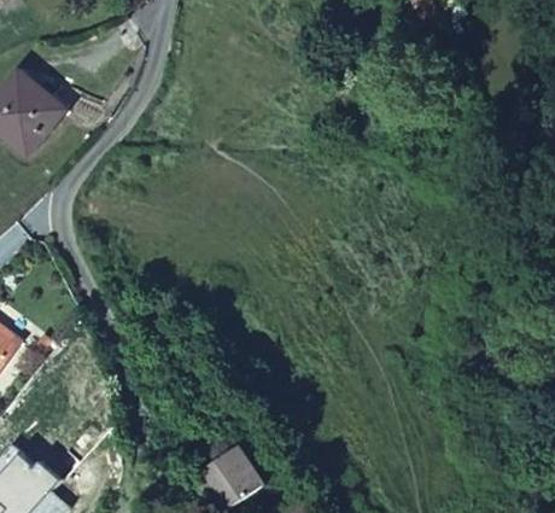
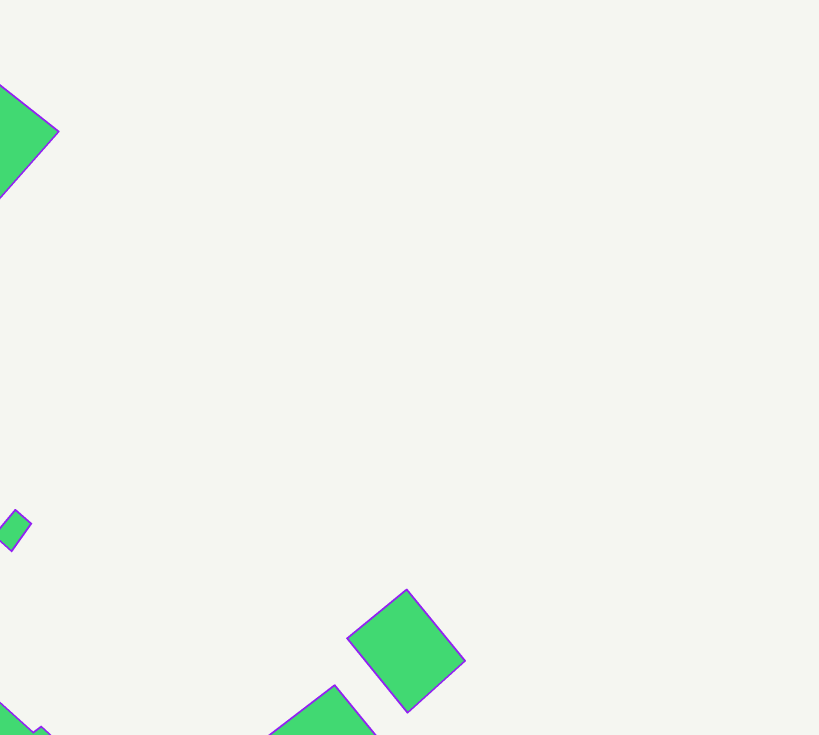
building: none -> [347,590,465,713]

